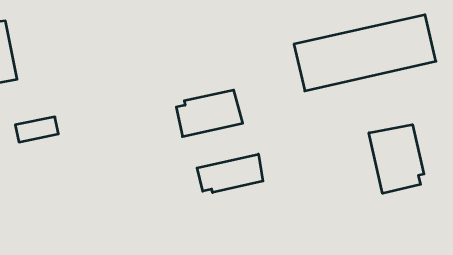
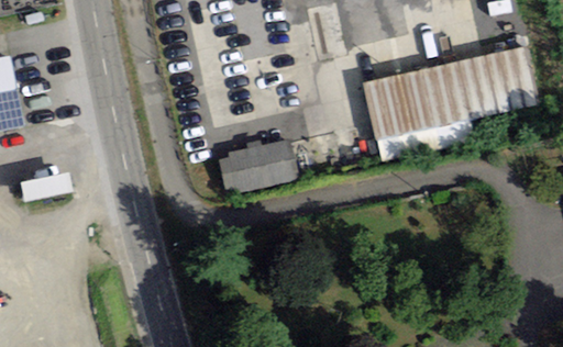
building: [369,125,424,193] -> none
building: [197,154,263,193] -> none

